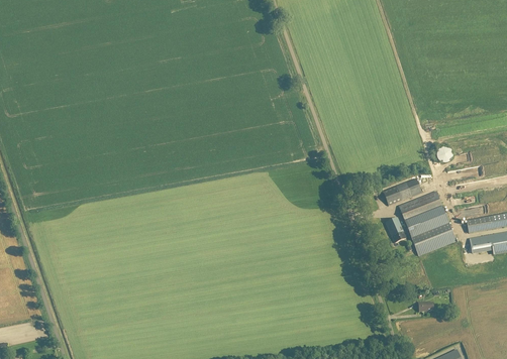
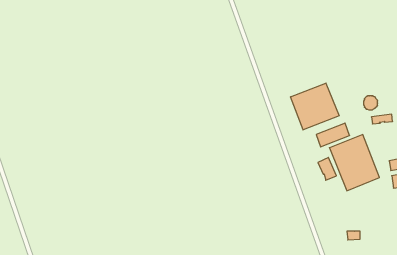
building: none -> [291,83,339,130]

